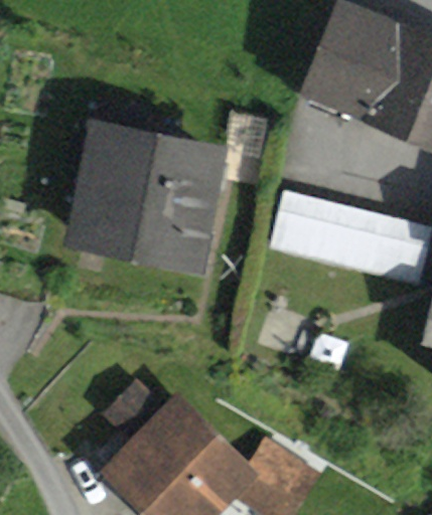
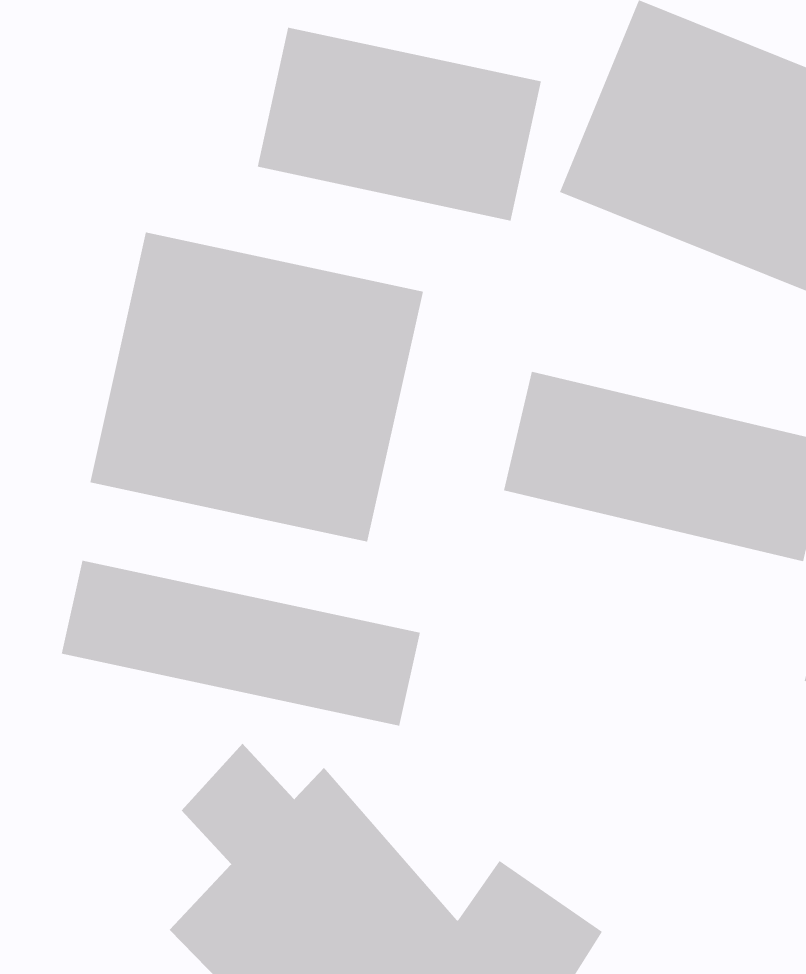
building: none -> [257,27,541,222]
building: none -> [61,560,421,727]

